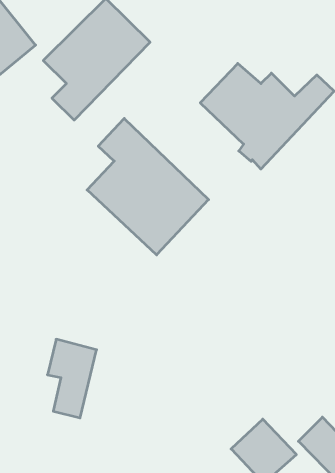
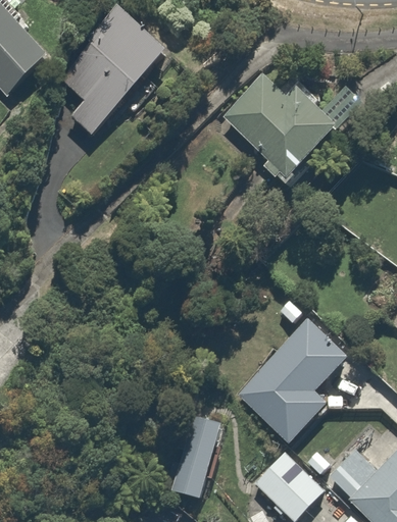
building: [87,118,209,255] -> none
building: none -> [234,319,346,447]
building: [47,339,97,418] -> [168,409,220,492]

